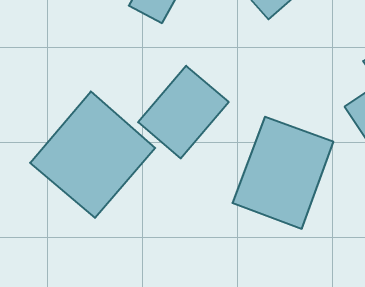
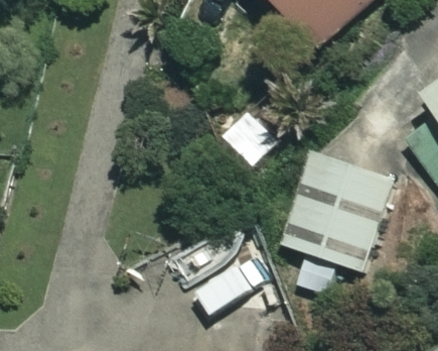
building: [30,91,155,218] -> none

